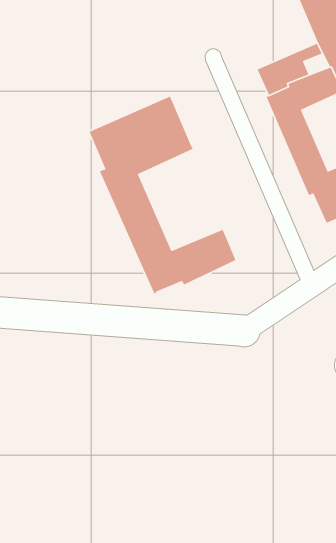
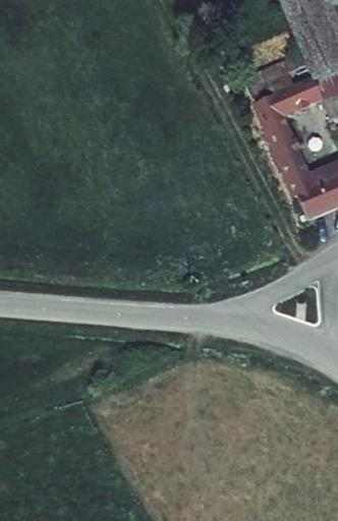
building: [89,96,236,295] -> none

